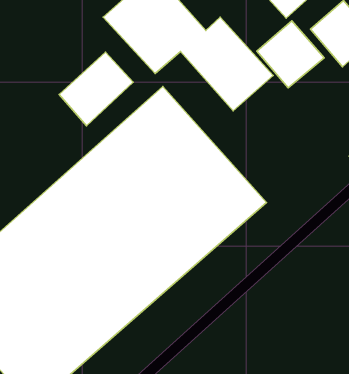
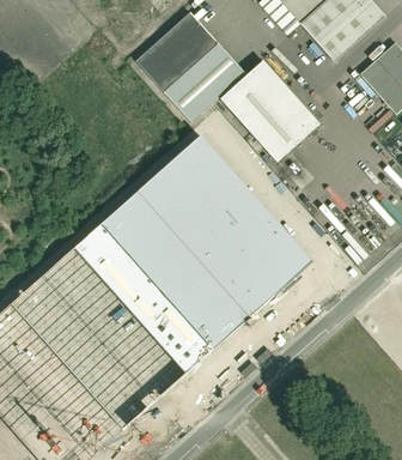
building: [257,21,324,88] -> none
building: [59,52,133,126] -> none

